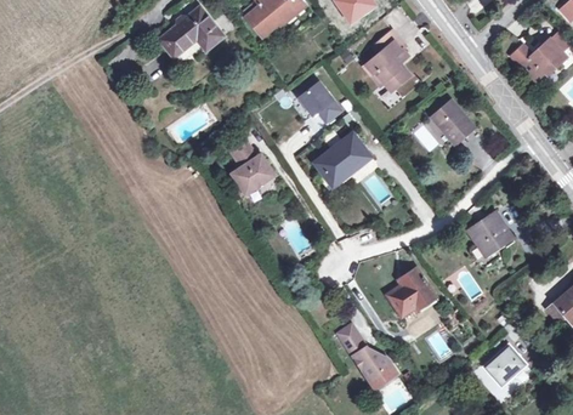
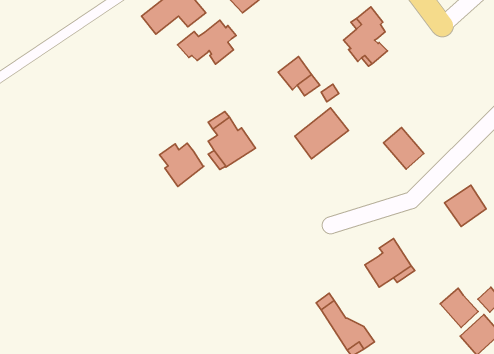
building: none -> [177,20,236,64]
building: [432,101,473,143] -> [384,127,424,169]
building: none -> [160,143,204,186]
building: none -> [440,288,478,327]

